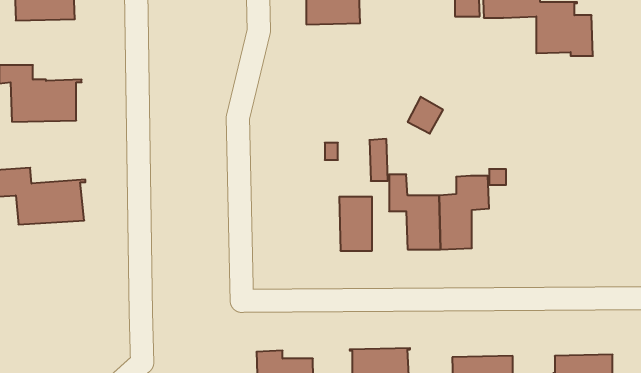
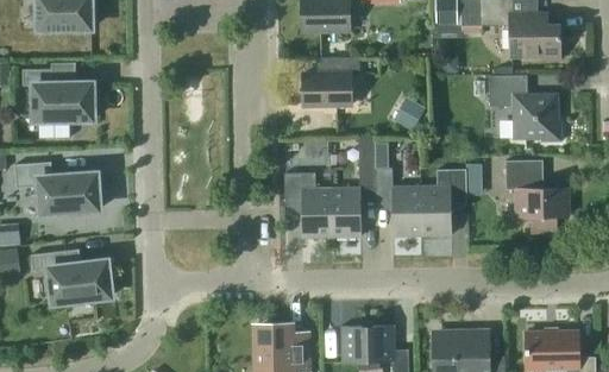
building: none -> [302,57,359,105]
building: none -> [489,75,561,141]
building: none -> [504,159,567,233]
building: none -> [284,172,332,238]
building: none -> [31,250,112,303]

